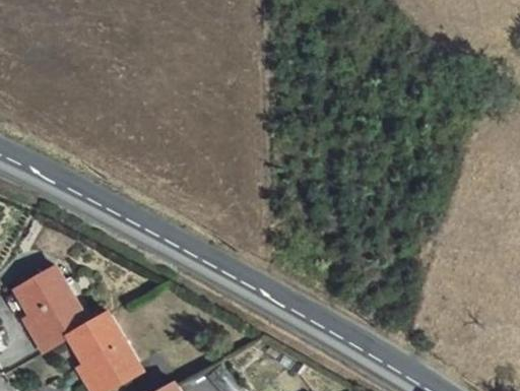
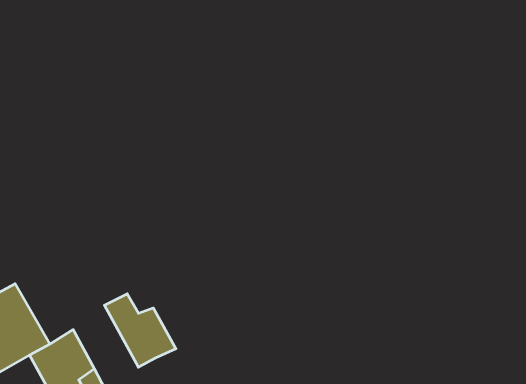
building: none -> [104,294,176,367]

